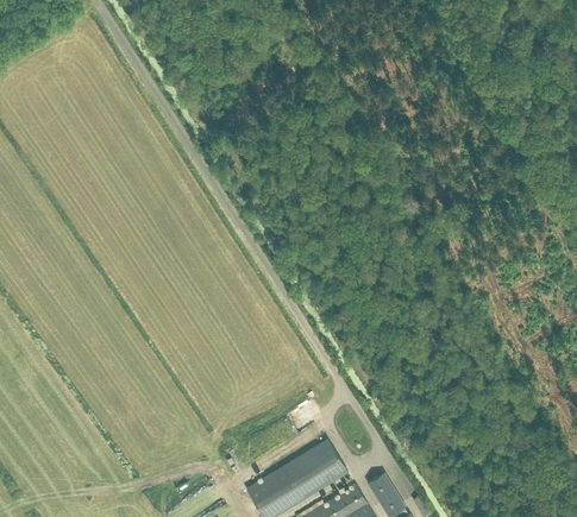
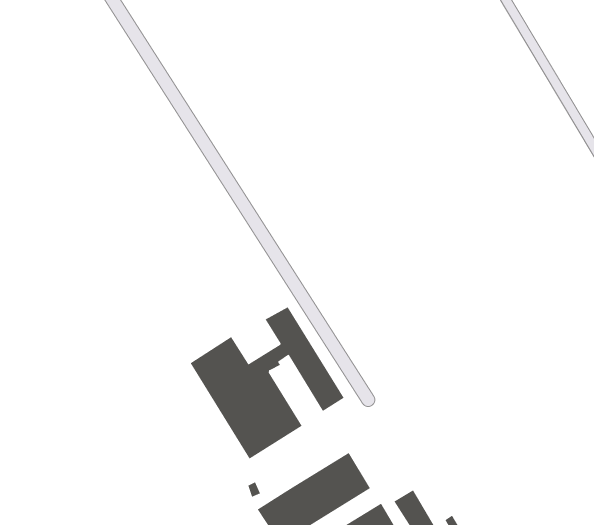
building: none -> [190,307,344,460]

